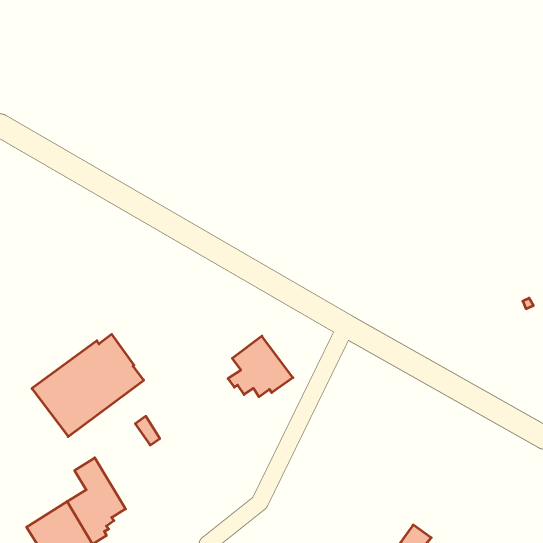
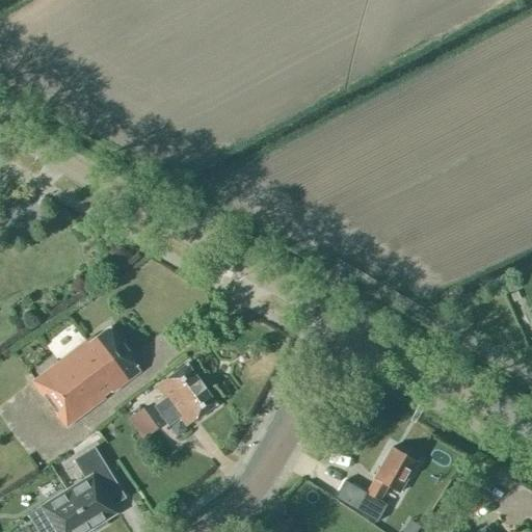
building: [228,336,293,397] -> [154,365,217,424]
building: none -> [336,448,417,523]

